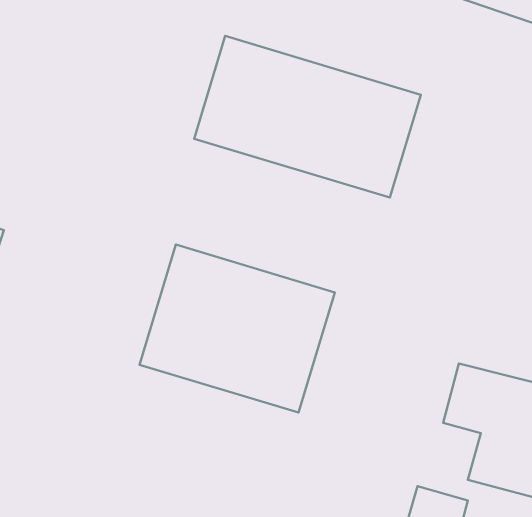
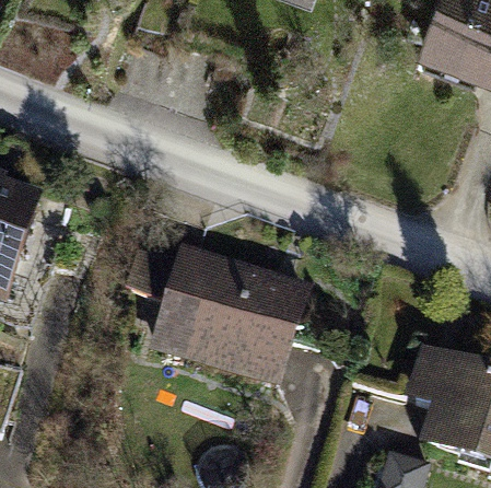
building: [194,36,421,198] -> none

